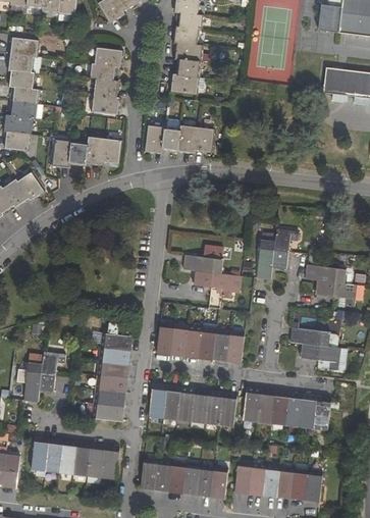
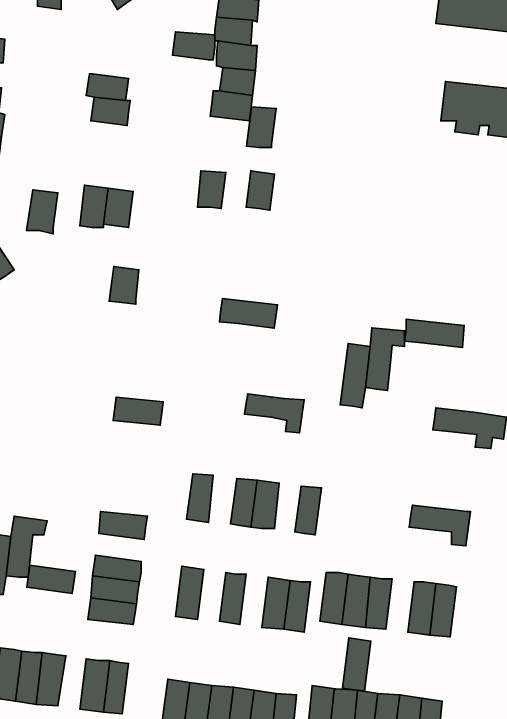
building: [95,48,122,66] -> [172,32,215,60]
building: [92,94,120,114] -> none
building: [146,124,165,153] -> none
building: [178,125,198,152] -> [246,107,276,148]
building: [69,141,89,165] -> [109,267,139,304]
building: [183,255,221,274] -> [219,298,277,328]
building: [307,265,346,283] -> [405,319,464,348]
building: [170,324,189,356] -> none
building: [290,327,339,348] -> none
building: [213,329,230,361] -> none
building: [100,332,133,351] -> [113,397,163,425]
building: [97,362,128,380] -> [27,565,75,594]
building: [163,385,181,419] -> none
building: [191,388,209,423] -> none
building: [285,392,304,426] -> [343,638,371,691]
building: [72,442,91,476] -> none

